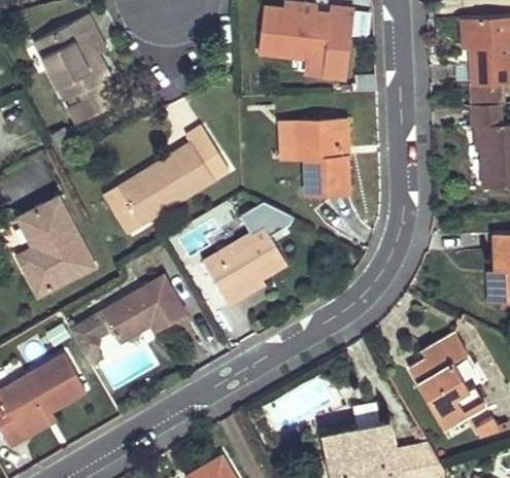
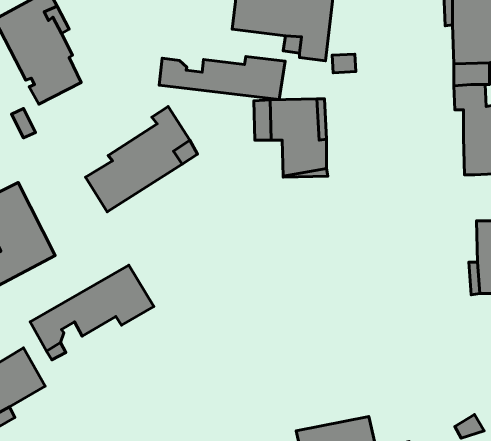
building: none -> [159,56,285,100]
building: [105,171,147,232] -> none
building: [201,202,291,306] -> none
building: [408,333,484,429] -> none

